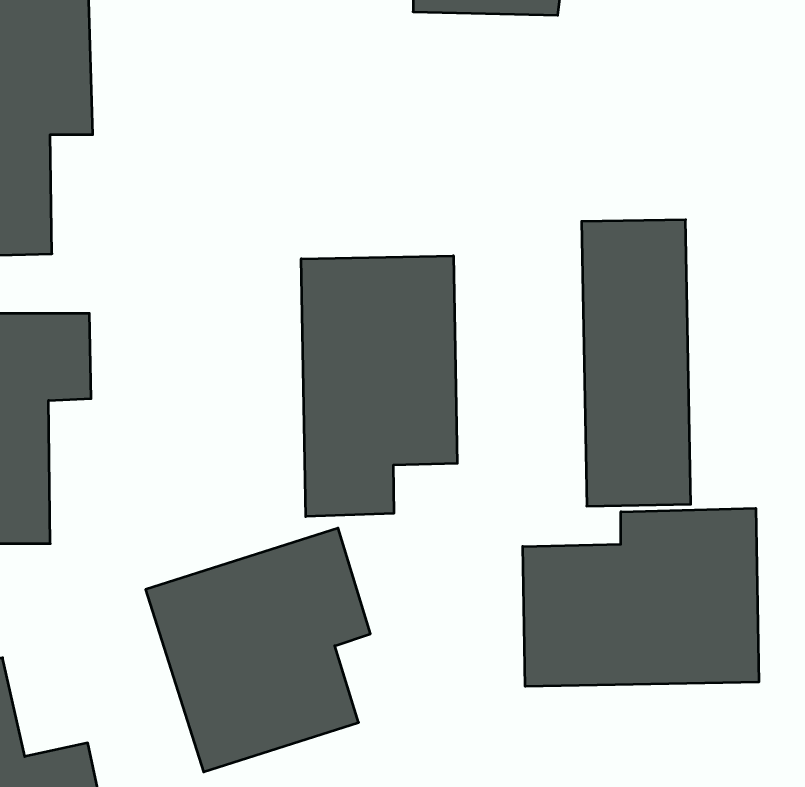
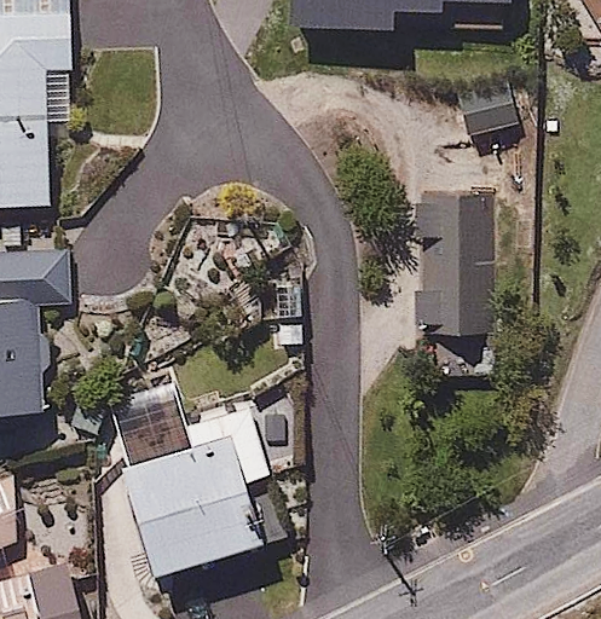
building: [301,256,457,517] -> none
building: [523,508,759,686] -> none

